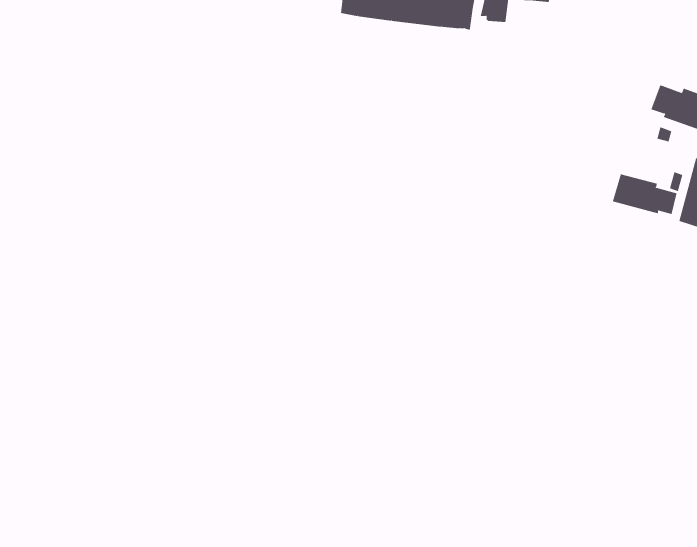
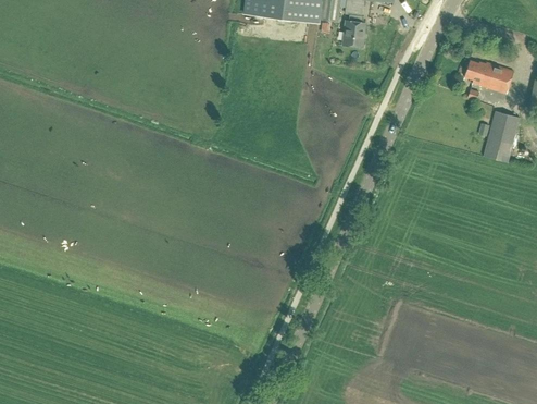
building: none -> [341,15,366,48]
building: [612,173,677,215] -> none

